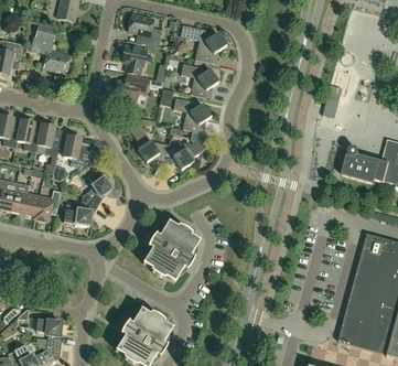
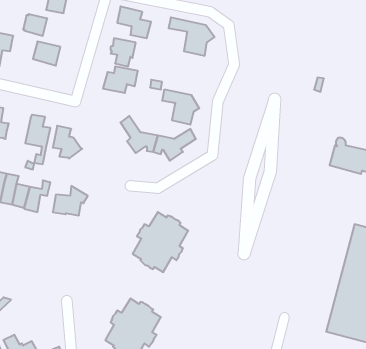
building: [181,63,218,97] -> none
building: [17,118,39,151] -> none
building: [82,168,111,204] -> none
building: [36,317,62,345] -> none

